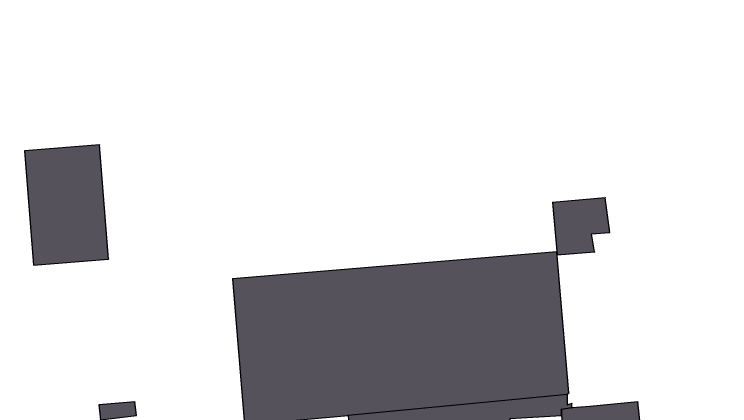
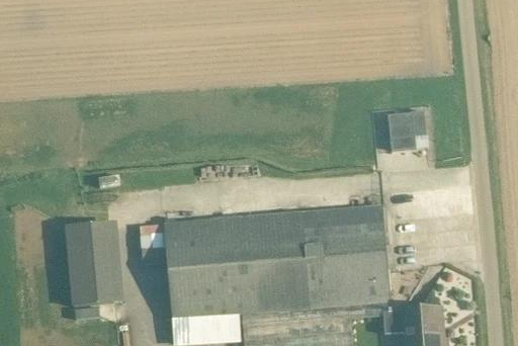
building: [25,145,109,265] -> [66,224,122,305]
building: [553,198,610,255] -> [386,109,425,148]

